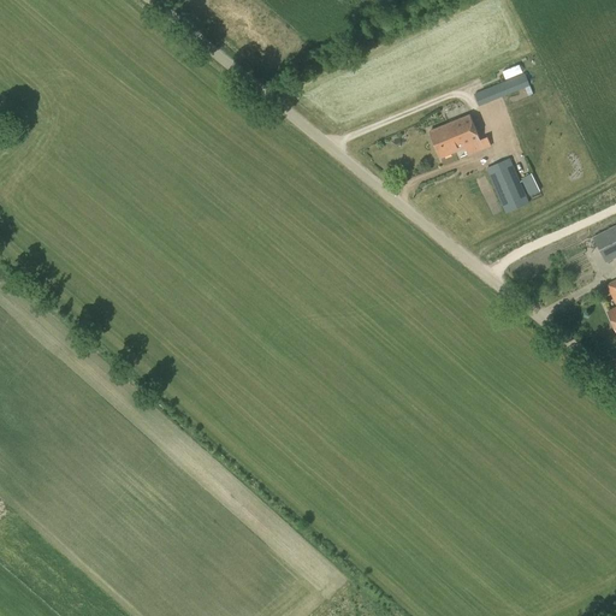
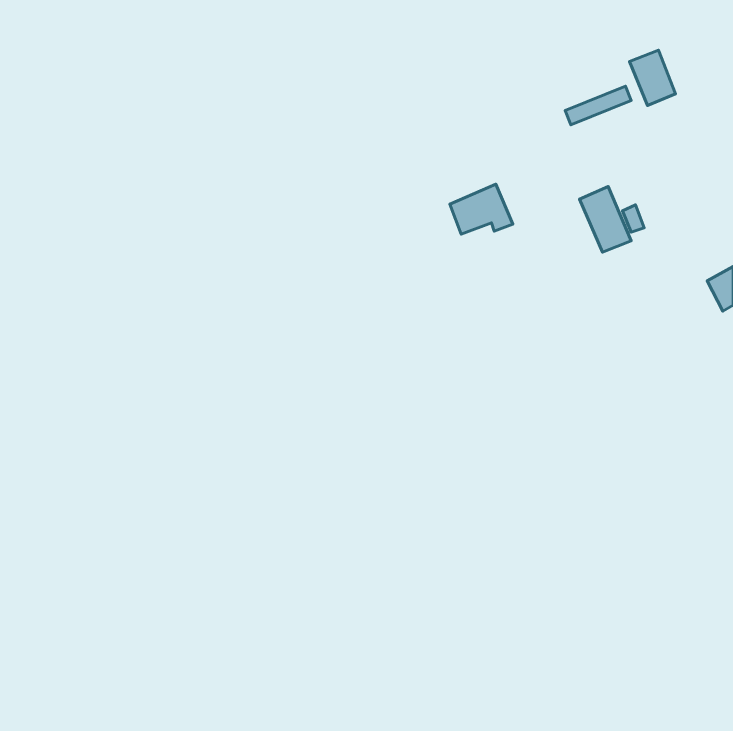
building: none -> [629,50,676,106]
building: [431,114,484,156] -> [450,184,513,234]

